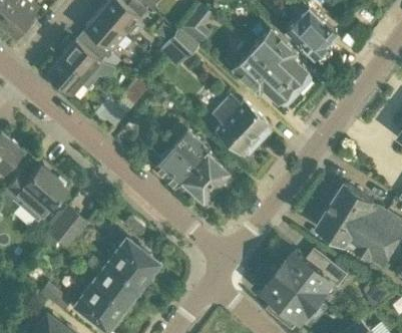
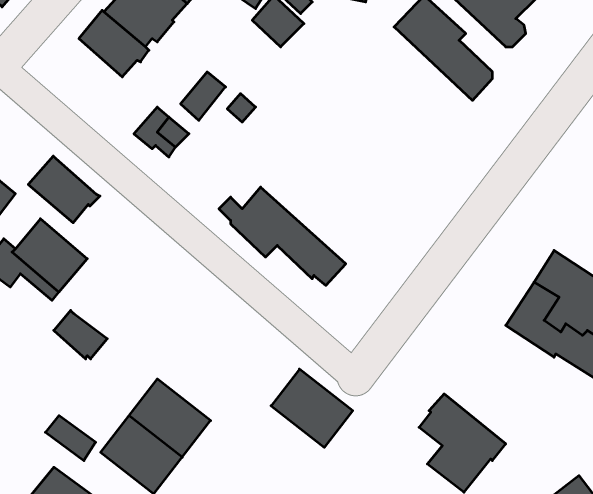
building: [232,49,297,106] -> none
building: [45,56,88,96] -> [28,156,100,223]
building: [212,95,271,155] -> none
building: [169,122,233,192] -> none
building: [55,206,88,237] -> none
building: [107,239,156,286] -> [271,369,353,447]
building: [280,251,347,300] -> none

